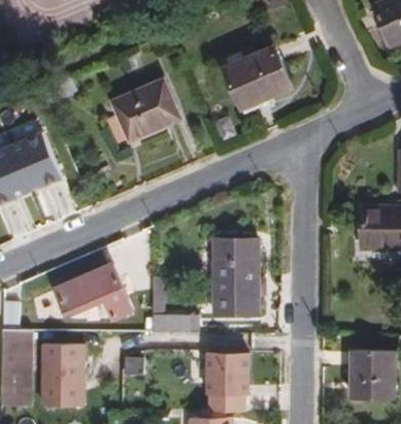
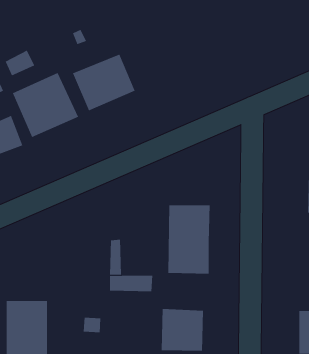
building: [223,46,293,111] -> none
building: none -> [12,72,79,138]
building: [56,266,131,319] -> none

